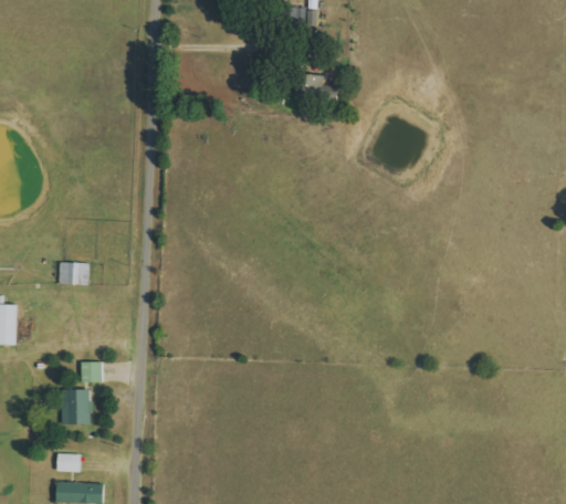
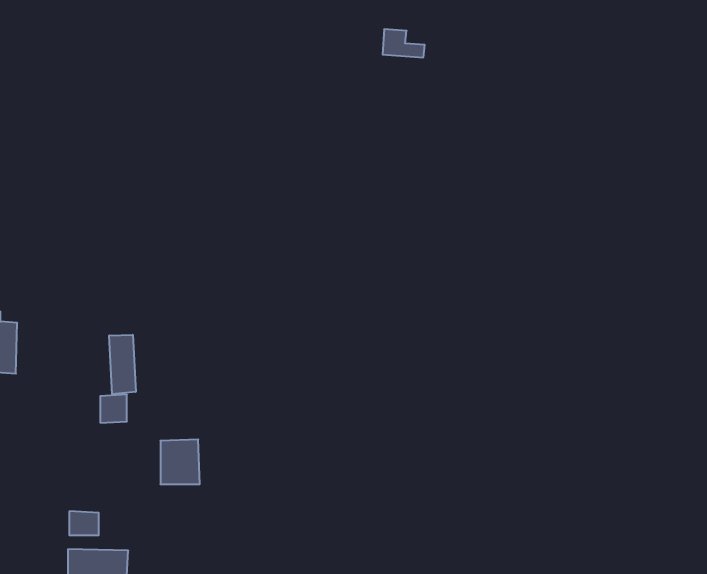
building: [57,261,87,284] -> none
building: none -> [109,335,136,394]
building: [60,388,91,423] -> [160,439,200,484]

